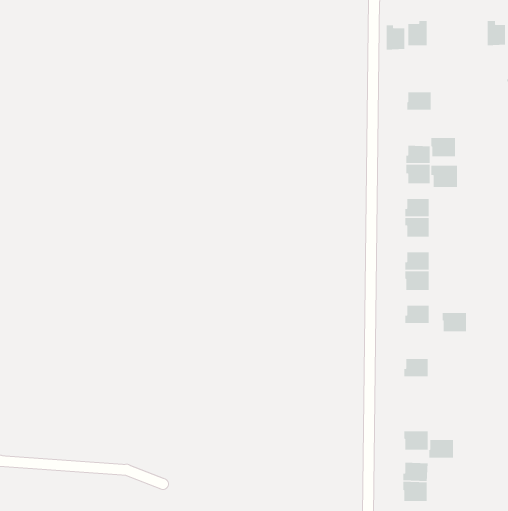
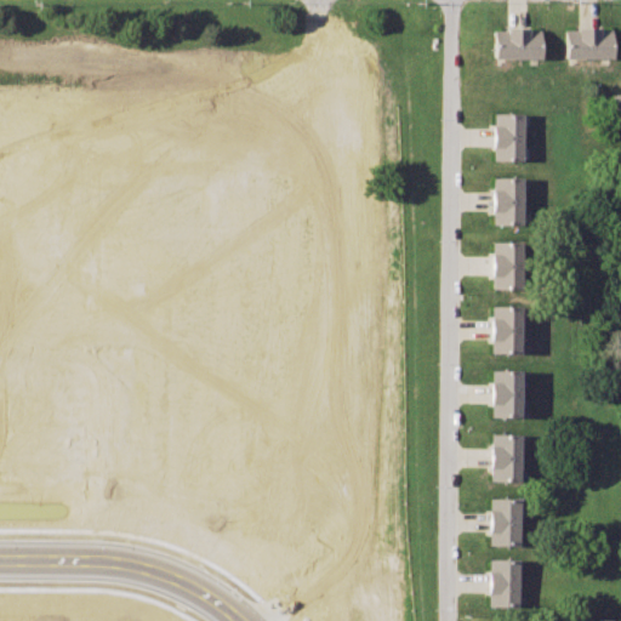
building: none -> [570,28,594,59]
building: [386,24,405,51] -> [523,28,546,59]
building: [431,137,456,157] -> [497,137,528,161]
building: [431,165,458,188] -> none
building: [442,312,467,332] -> [495,394,525,418]
building: none -> [494,458,524,483]
building: [429,439,454,458] -> [494,500,524,523]

